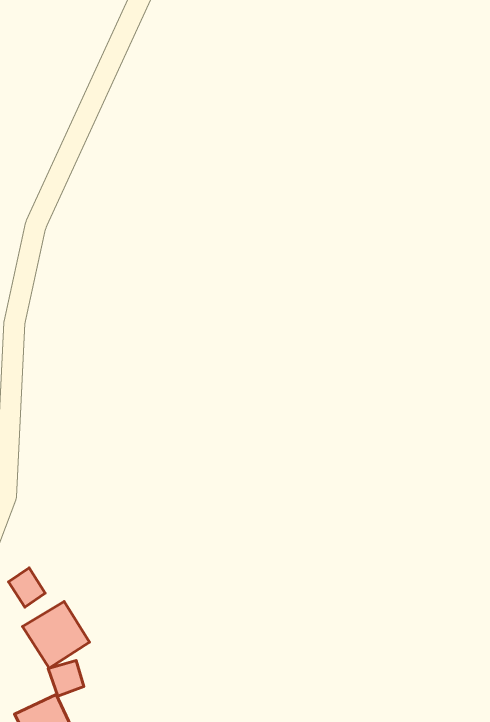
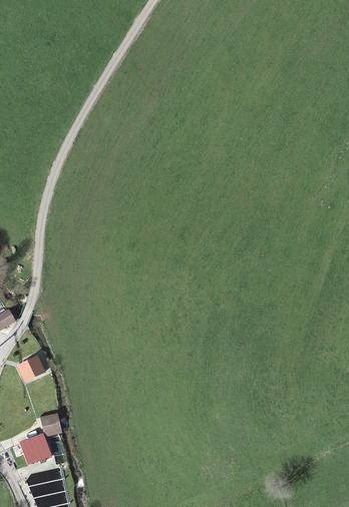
building: [22,602,90,668] -> none

